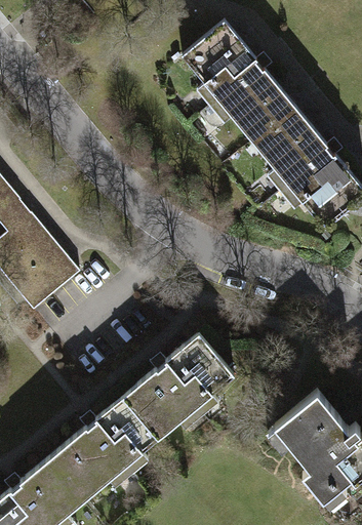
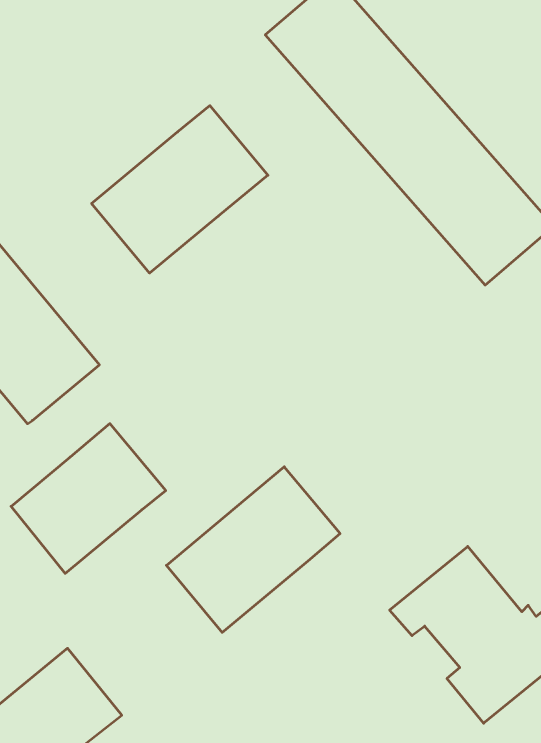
building: none -> [92,106,268,273]
building: [55,402,155,498] -> [11,424,166,573]

